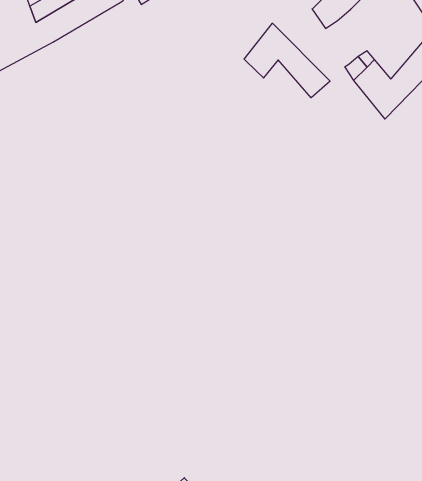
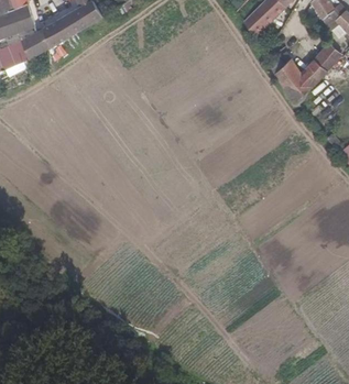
building: [244,23,330,98] -> none

